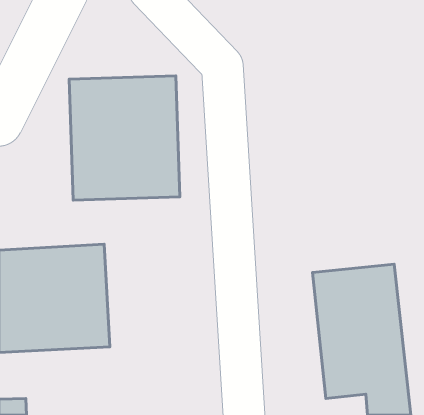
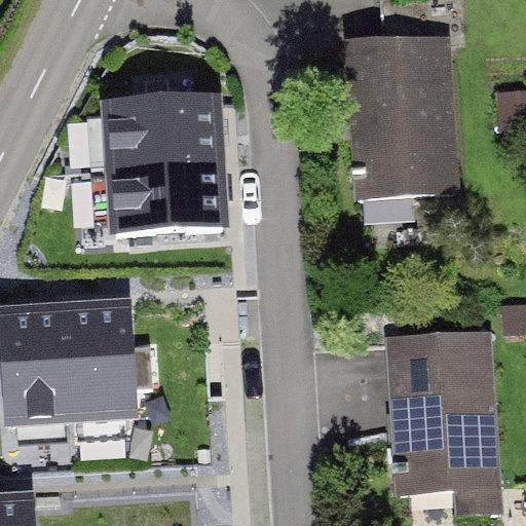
building: none -> [346,33,459,197]

